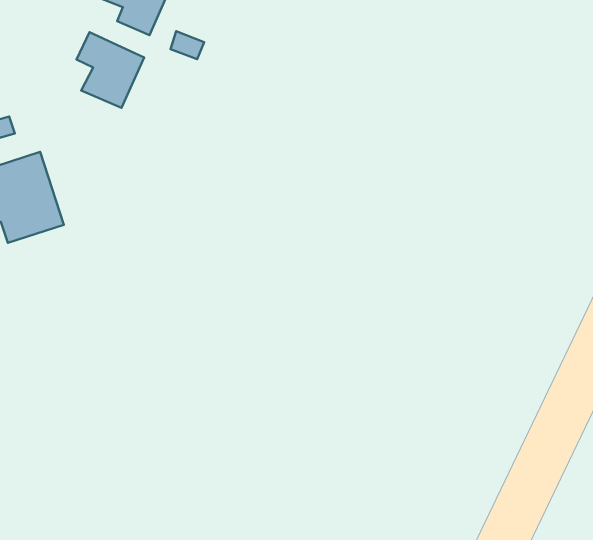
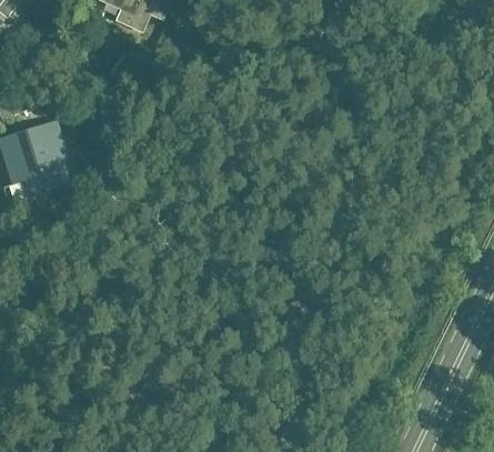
building: [76,32,144,108] -> none

